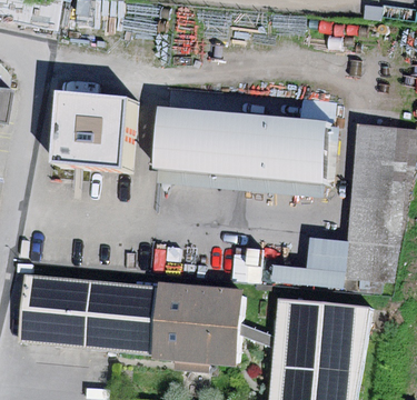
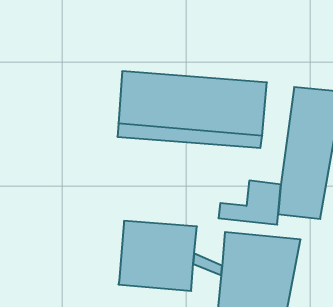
building: [53,92,132,171] -> none
building: [20,276,159,354] -> none

